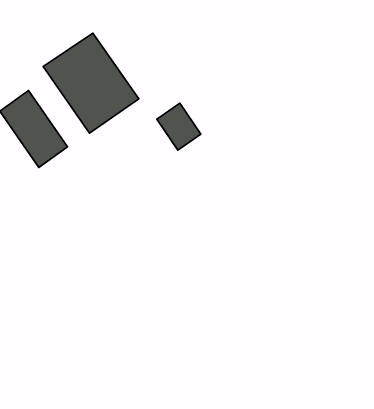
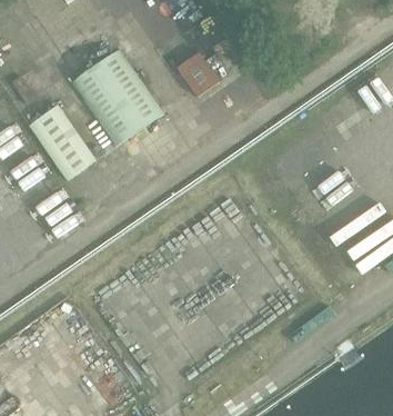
building: [157,103,201,150] -> [177,50,219,96]

